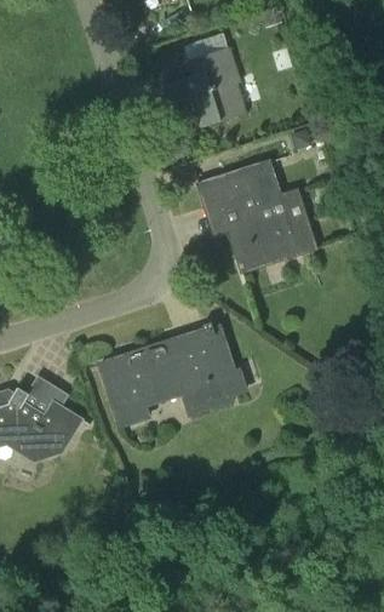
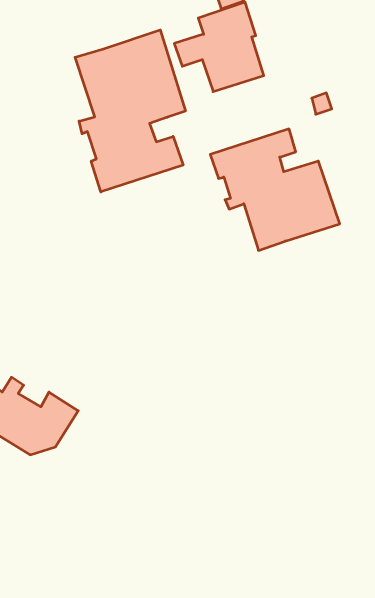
building: none -> [75,30,185,192]
building: [99,322,246,425] -> none

